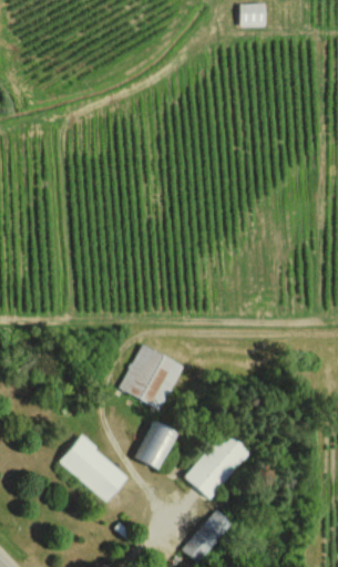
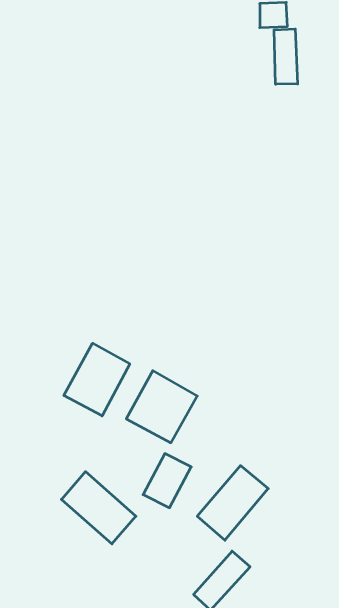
building: none -> [274,29,298,84]
building: none -> [64,343,130,416]

